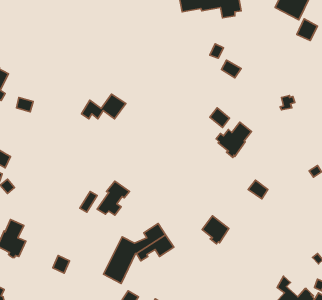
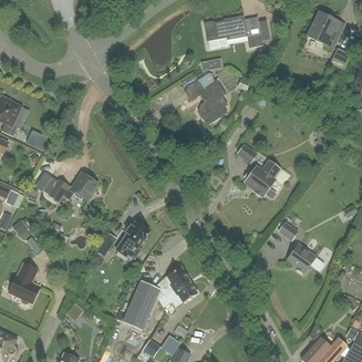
building: none -> [185,72,228,125]
building: [81,94,126,119] -> [50,174,97,200]
building: [202,216,229,244] -> [287,244,316,273]

